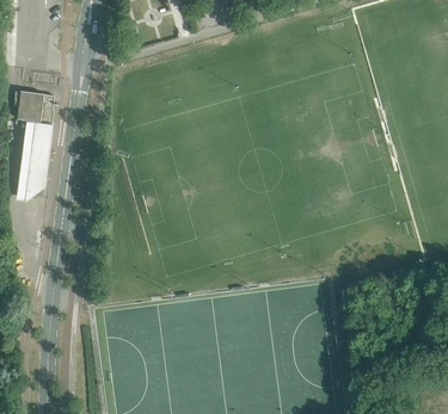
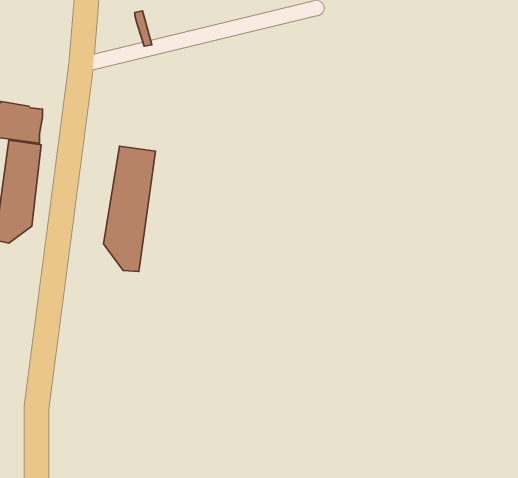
building: none -> [104,146,156,271]

